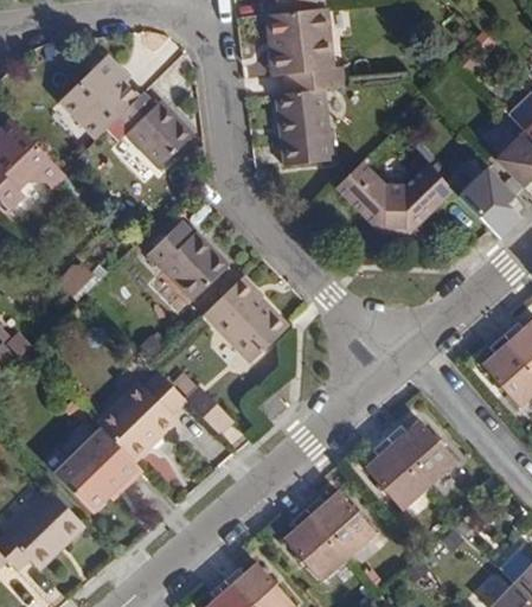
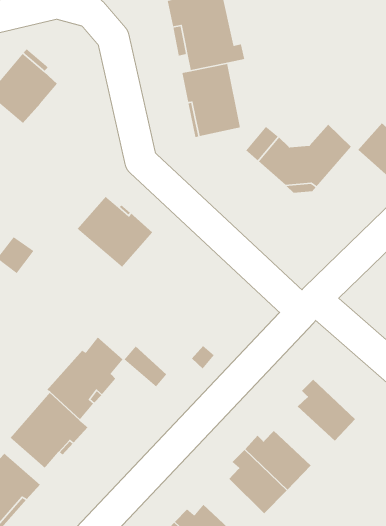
building: [118,92,193,170] -> none
building: [203,279,287,363] -> none
building: [389,421,459,486] -> none

